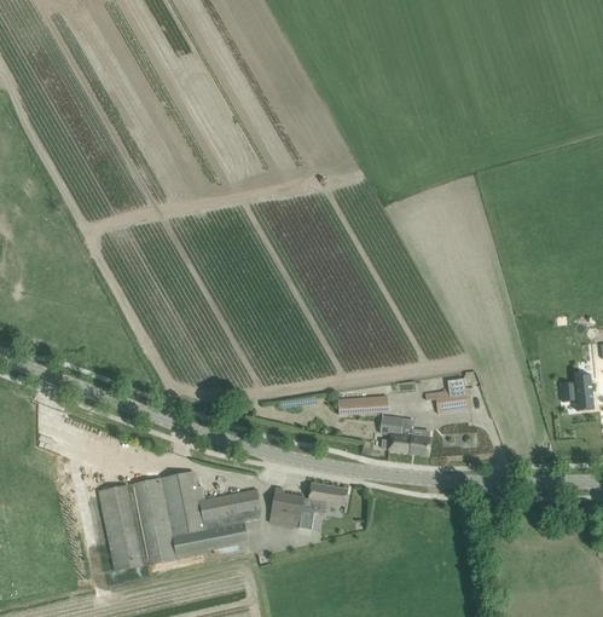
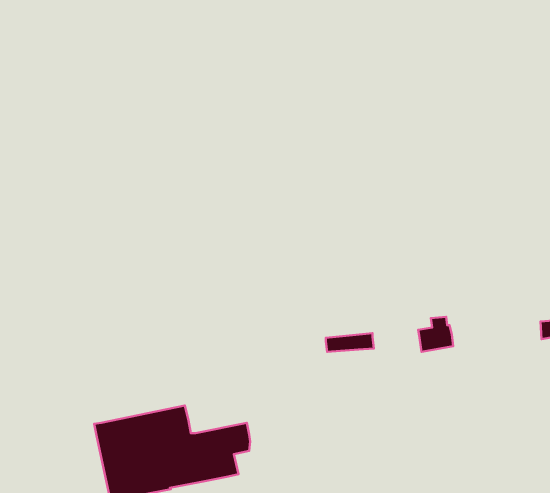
building: [379,415,430,454] -> none
building: [269,482,348,525] -> none

